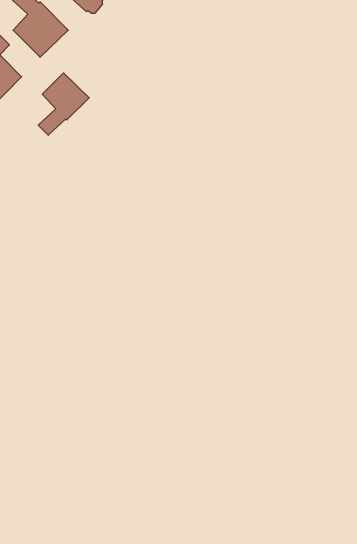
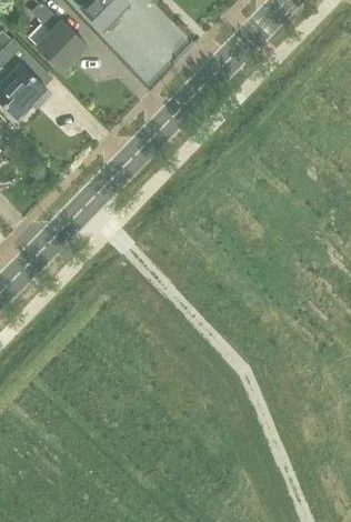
building: [38,73,89,135] -> none

